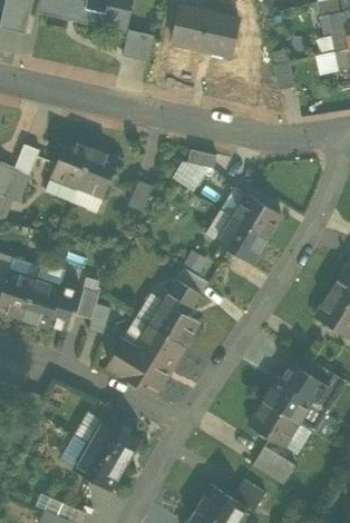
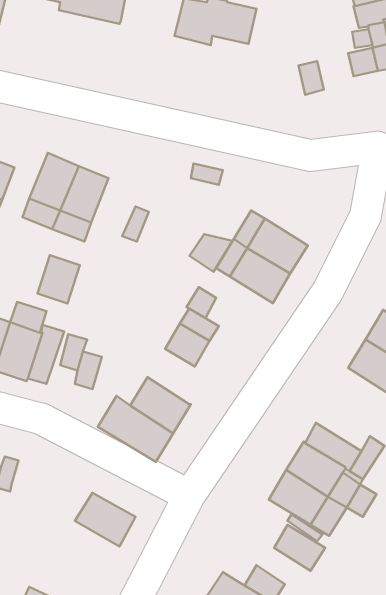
building: [121,29,154,61] -> none
building: [172,159,207,190] -> [189,234,232,272]
building: none -> [37,255,80,304]
building: [148,300,198,346] -> none
building: [75,443,125,489] -> none

